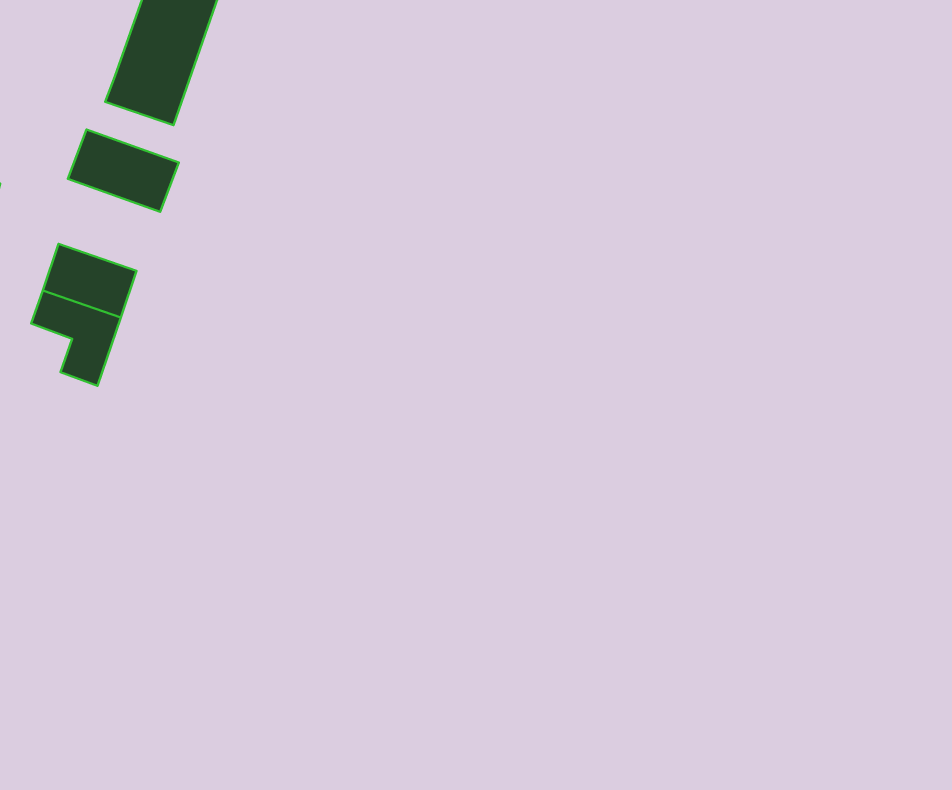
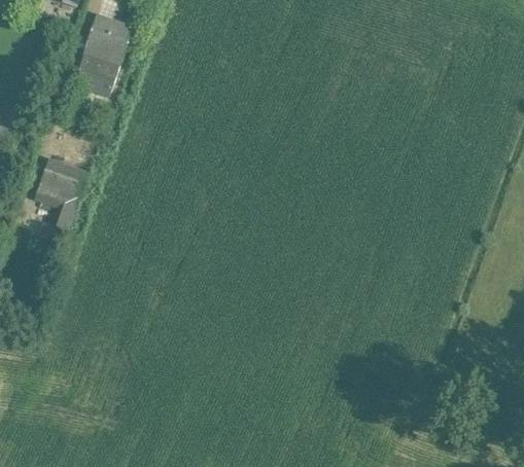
building: [68,129,179,212] -> none

